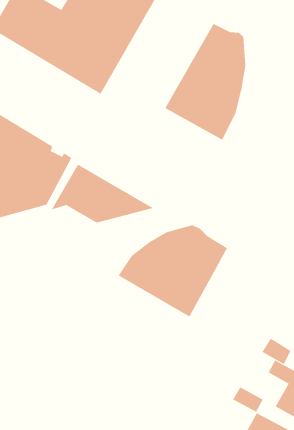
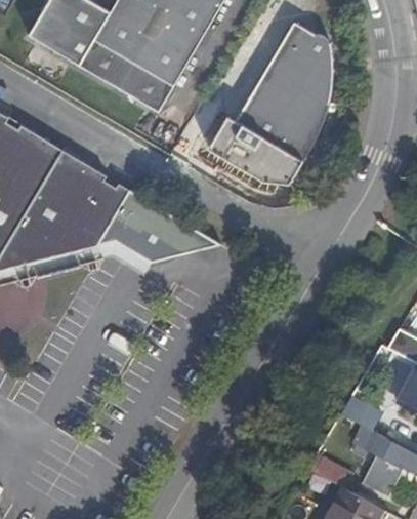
building: none -> [205,124,301,190]
building: [118,224,228,317] -> none

